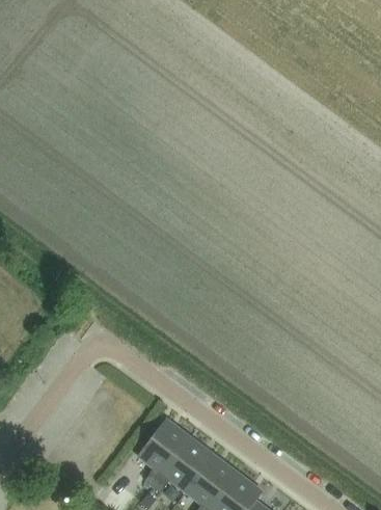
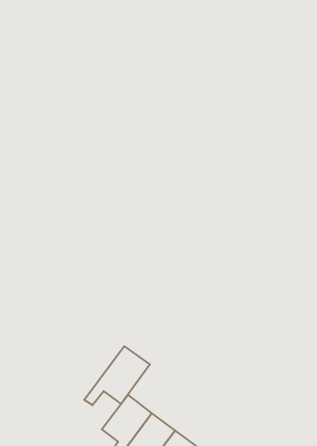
building: none -> [84,346,150,405]

